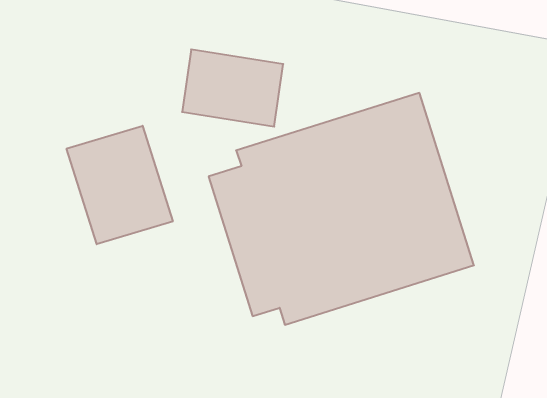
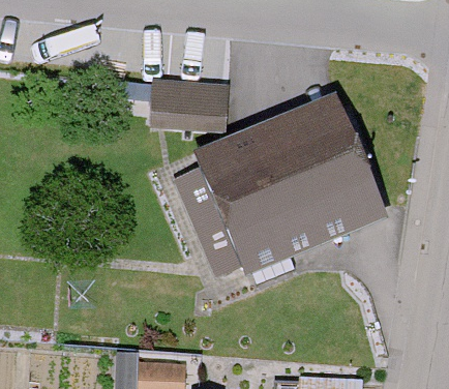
building: [67,126,173,244] -> none

